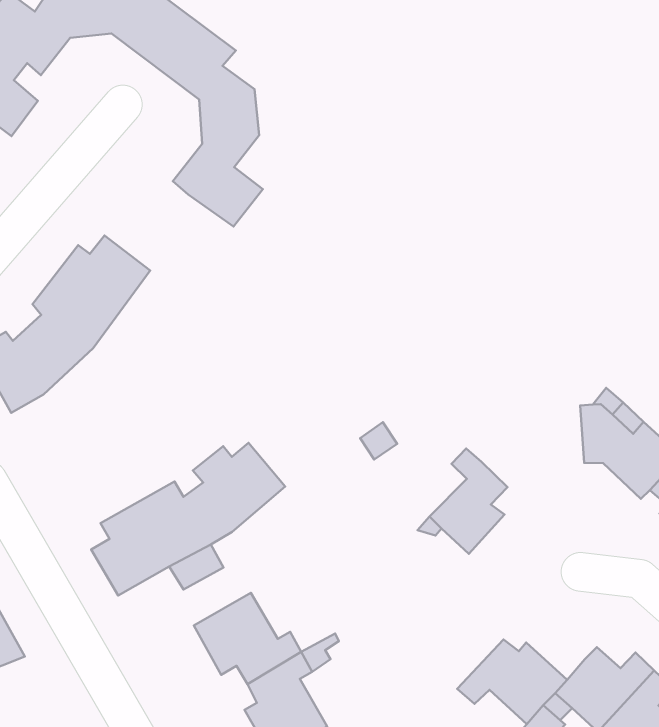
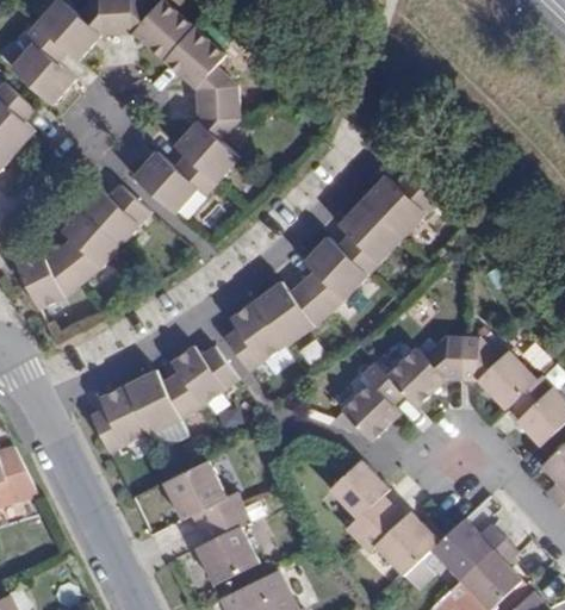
building: none -> [132,154,213,216]
building: none -> [224,172,431,366]
building: none -> [386,336,462,405]
building: none -> [330,461,393,541]

